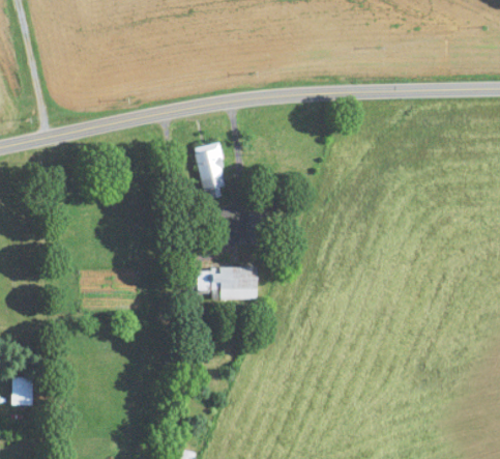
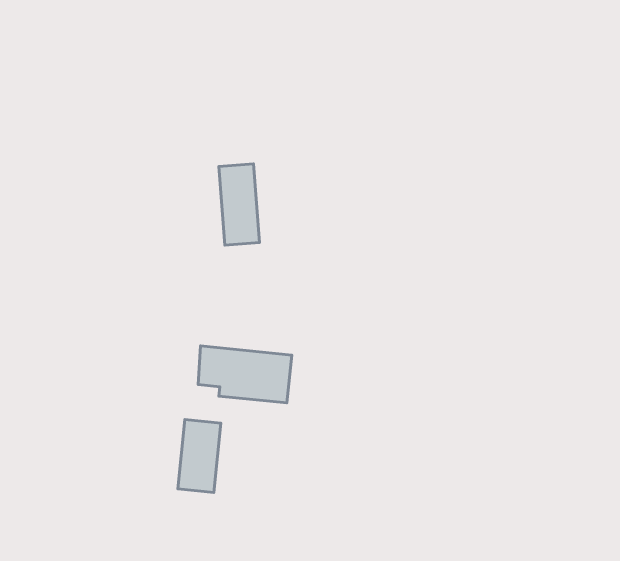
building: none -> [178,419,221,492]

